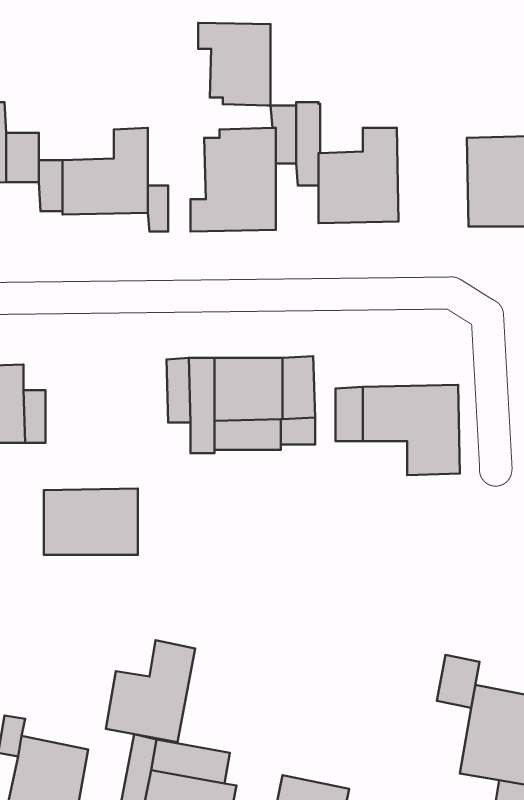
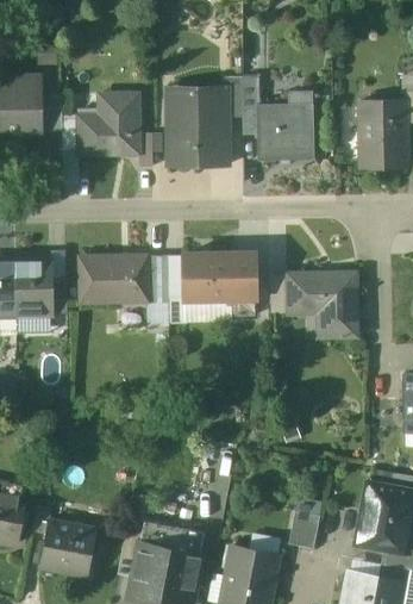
building: [198,23,271,106] -> none
building: [44,489,138,555] -> [81,254,146,300]
building: [106,640,195,742] -> none
building: [437,655,480,708] -> [289,511,319,548]

